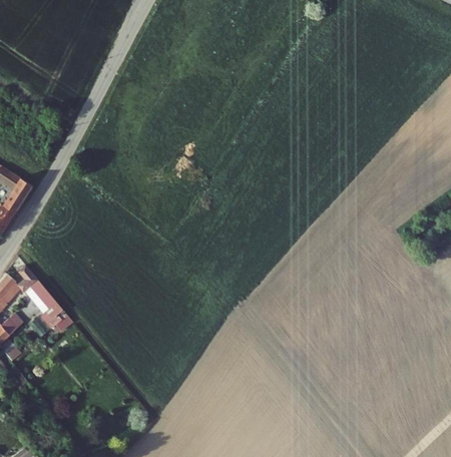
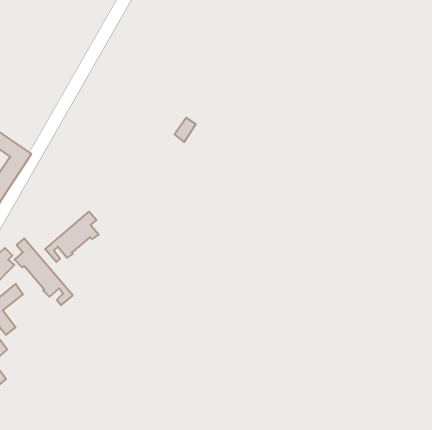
building: none -> [45,212,99,262]

